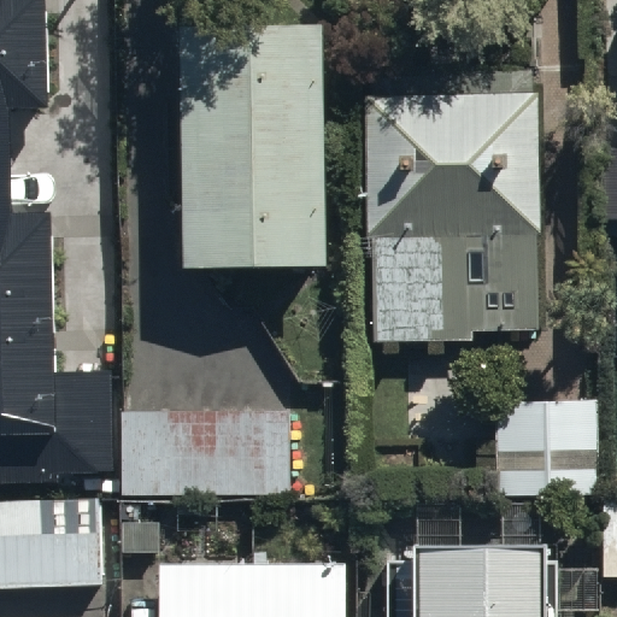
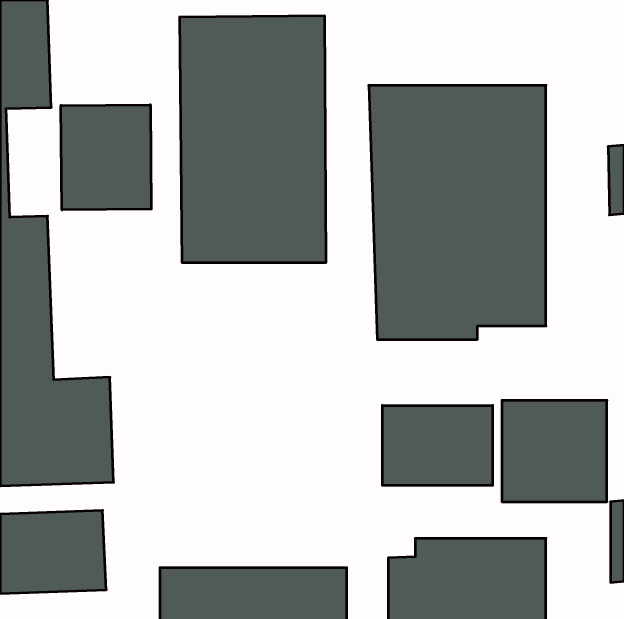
building: none -> [61,105,151,210]
building: none -> [382,405,493,485]
building: [122,409,290,499] -> none

